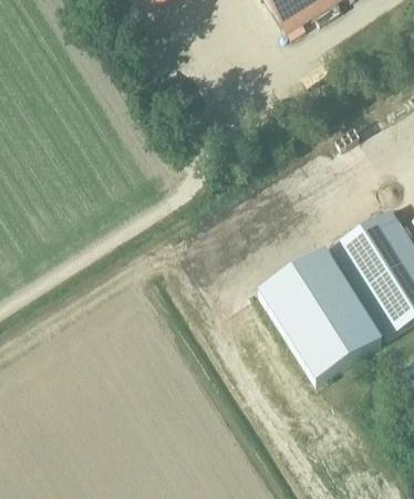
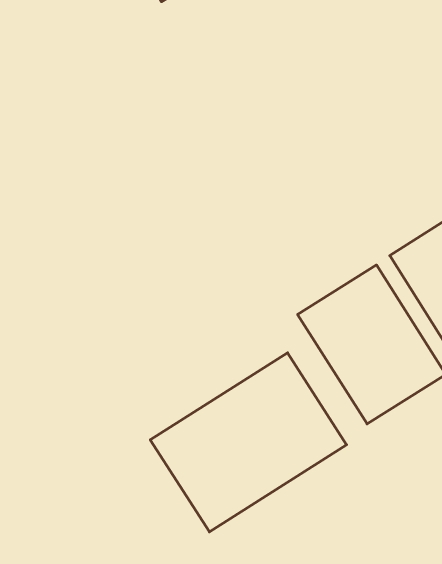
building: none -> [150,353,347,532]

